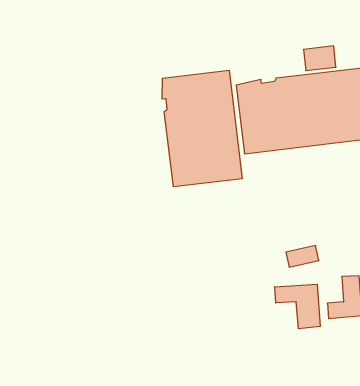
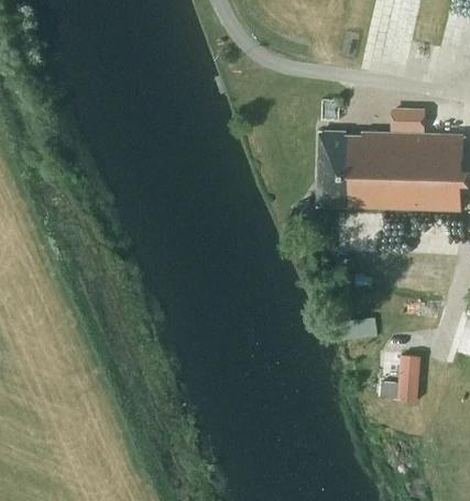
building: [162,70,242,187] -> none
building: [275,284,320,329] -> none

